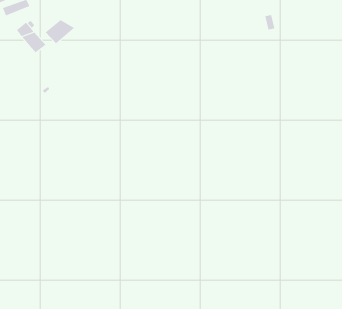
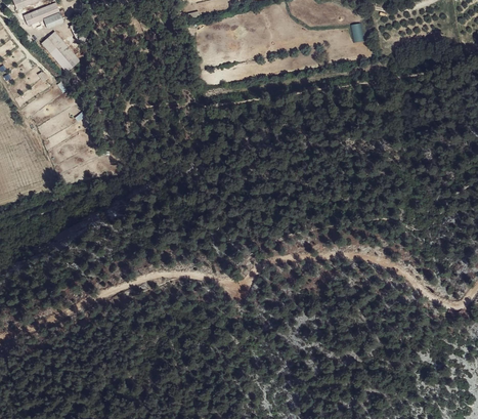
building: [45,19,75,44] -> none

